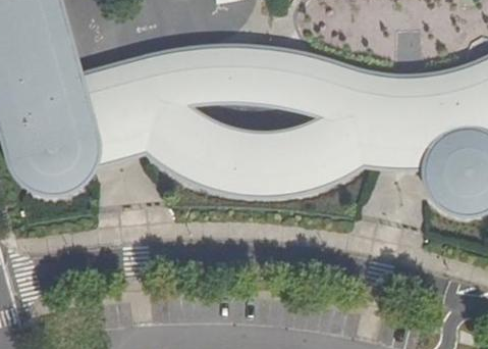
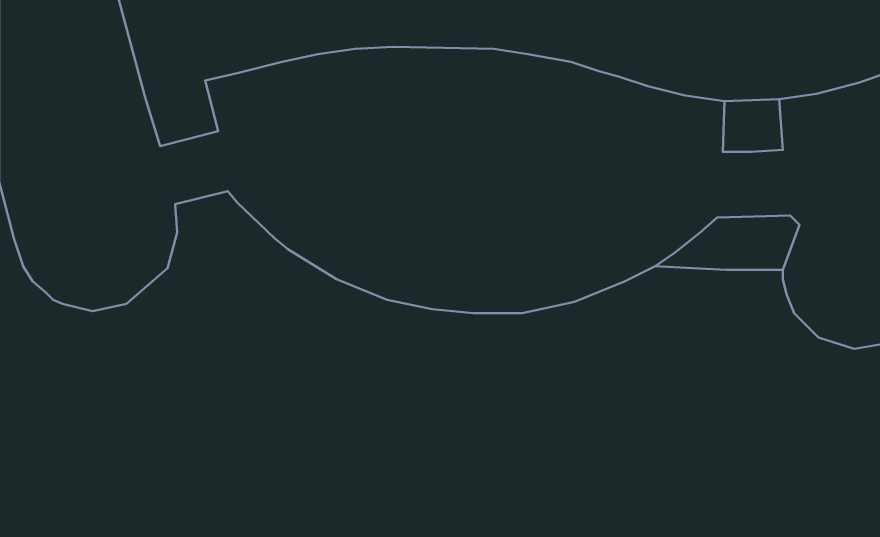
building: [79,65,119,101] -> none
building: [92,126,150,167] -> none

